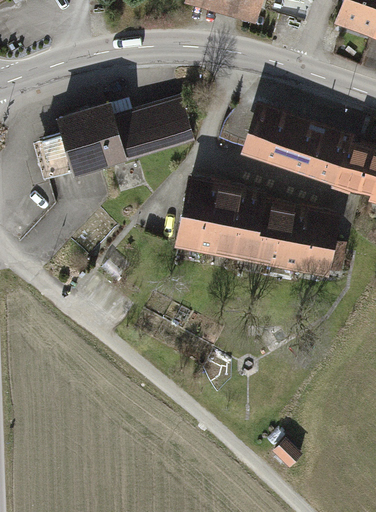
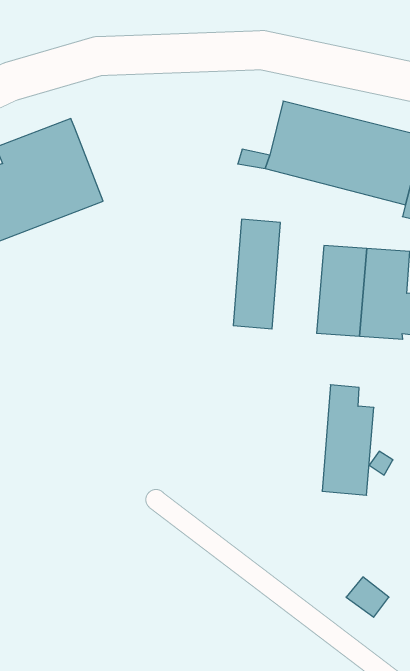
building: [112,100,192,158] -> none
building: [176,174,223,254] -> none
building: [237,185,279,265] -> [322,385,374,495]

